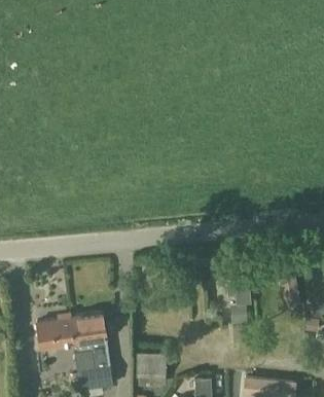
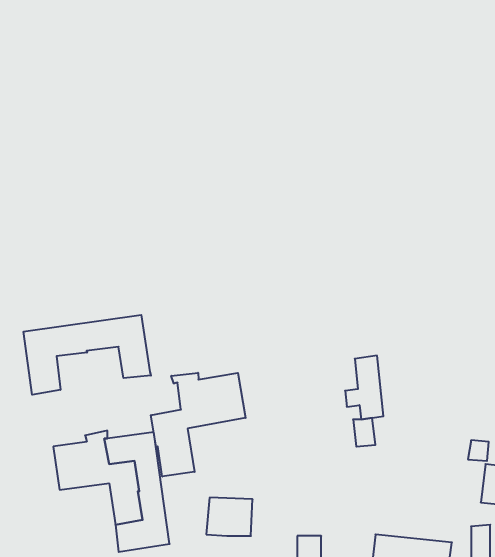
building: none -> [24,315,151,395]
building: none -> [151,373,246,477]

